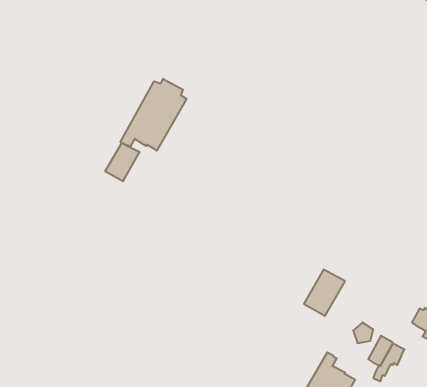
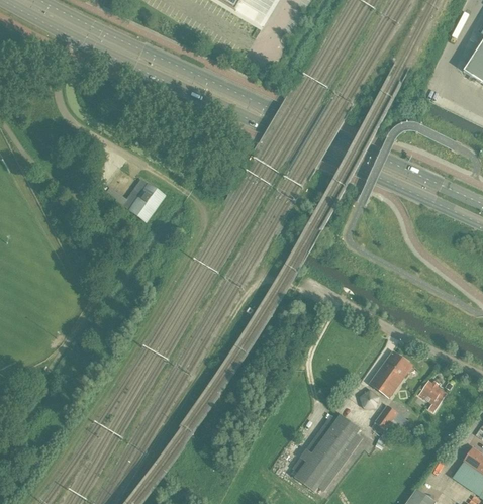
building: [120,79,186,151] -> none
building: [304,269,345,316] -> [370,349,413,396]
building: none -> [335,413,363,444]

